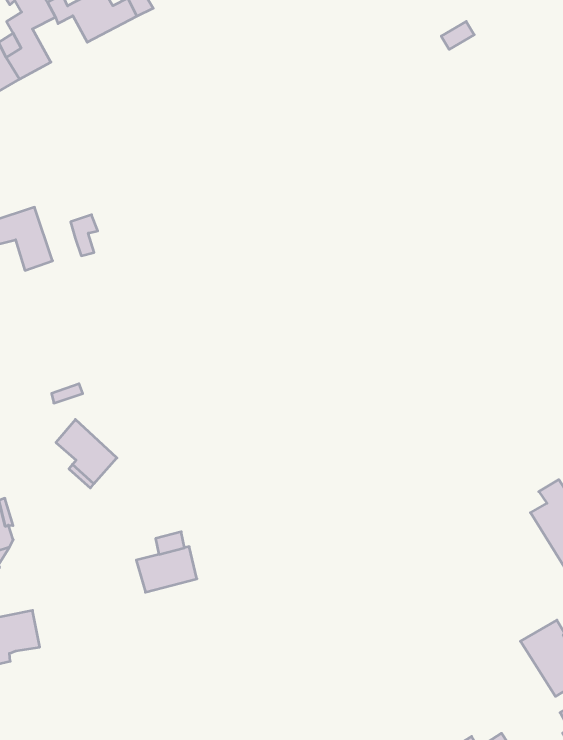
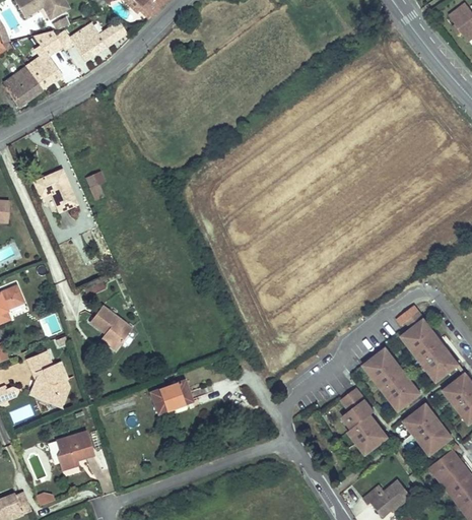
building: none -> [364,347,420,409]
building: none -> [341,388,387,454]

